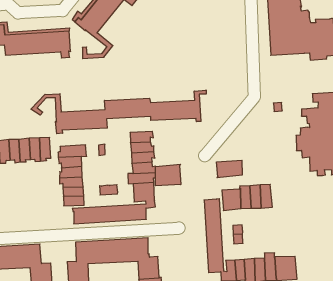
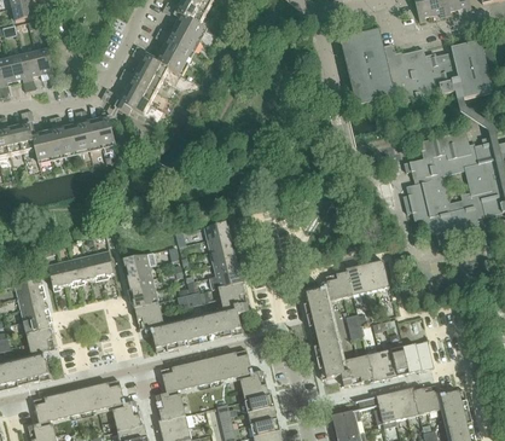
building: [31,90,206,134] -> none
building: [217,160,242,178] -> none
building: [156,164,181,186] -> none

